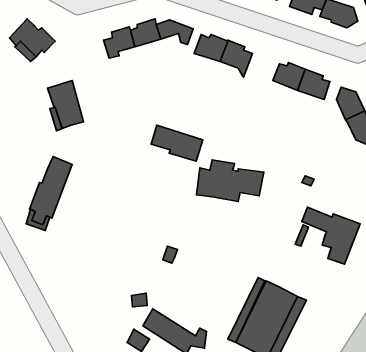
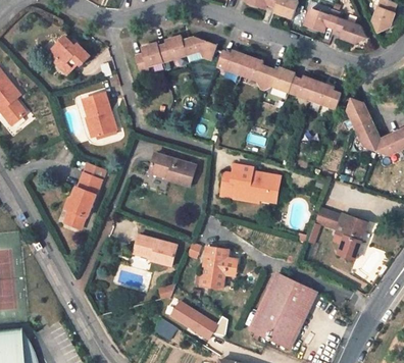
building: none -> [261,67,295,92]
building: [151,125,203,161] -> [149,153,196,186]
building: none -> [133,234,176,266]
building: none -> [194,246,237,289]

